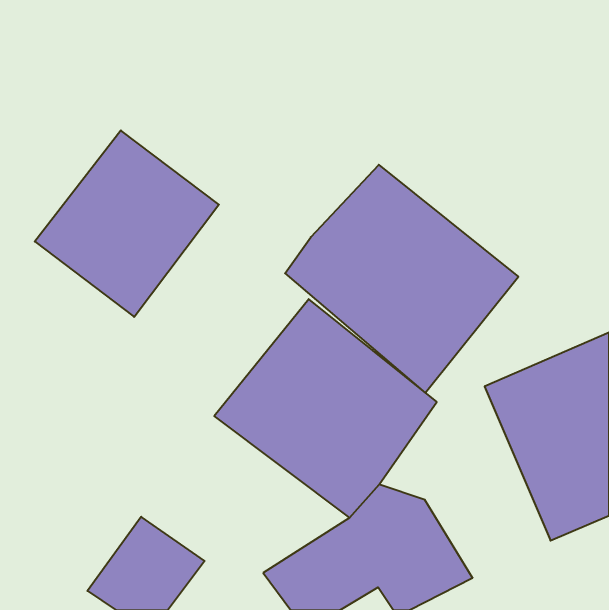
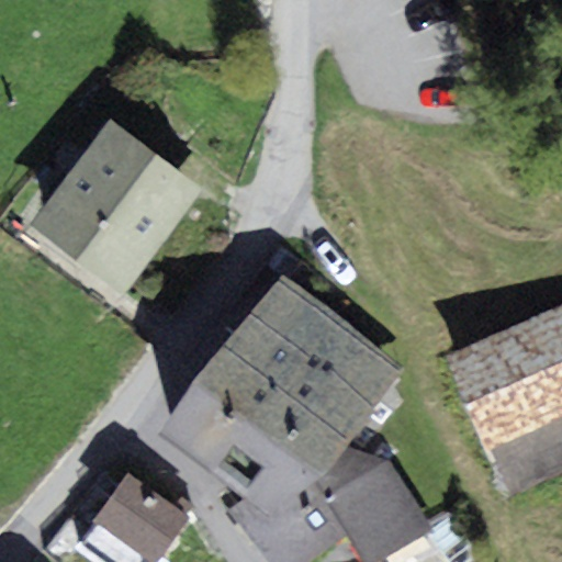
building: [285,165,518,393] -> none
building: none -> [157,382,321,526]

